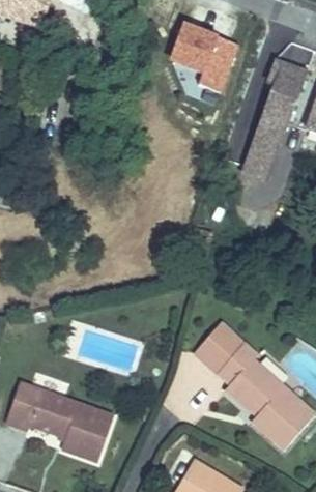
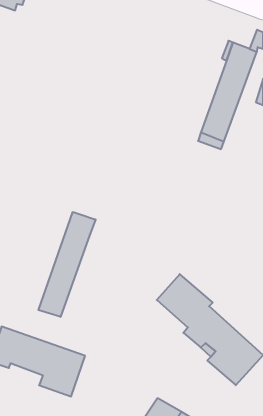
building: [165,23,240,90] -> none
building: none -> [38,212,96,317]

